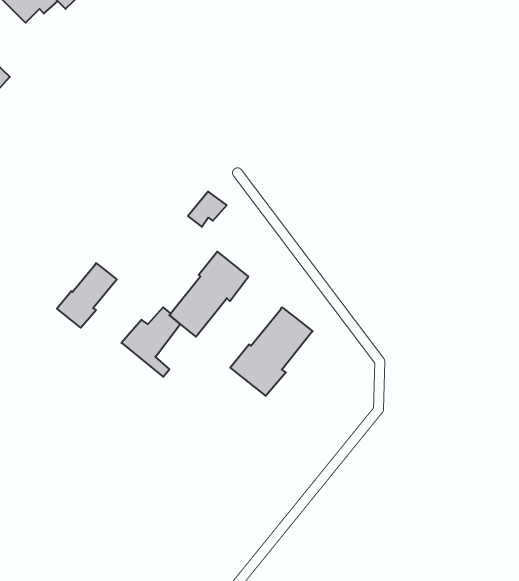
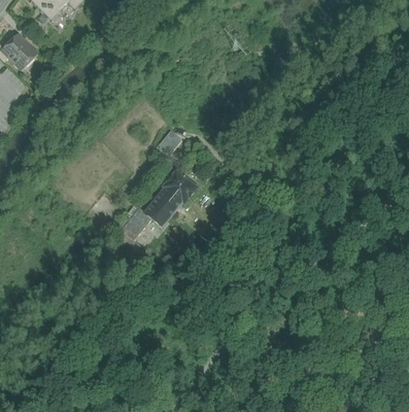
building: [57,263,117,328] -> none
building: [230,307,313,396] -> none

